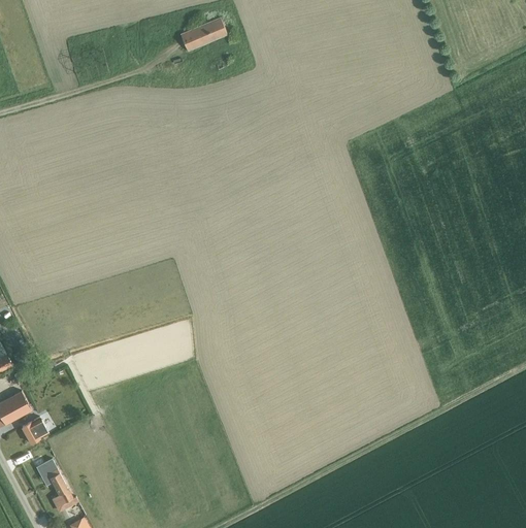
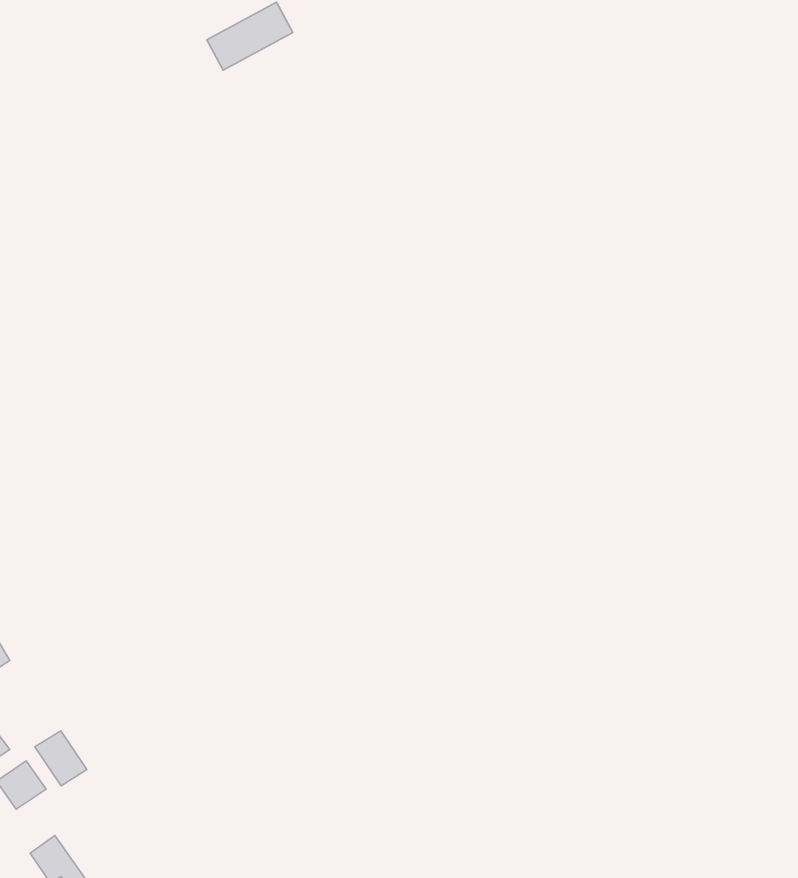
building: none -> [35,731,87,786]

